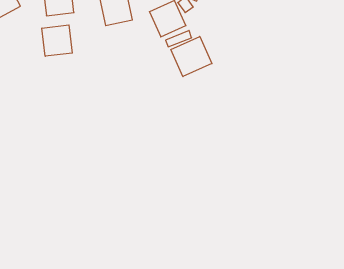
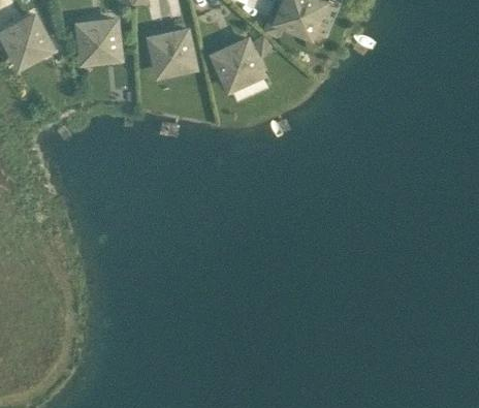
building: [42,25,72,56] -> none
building: [171,36,212,77] -> none

